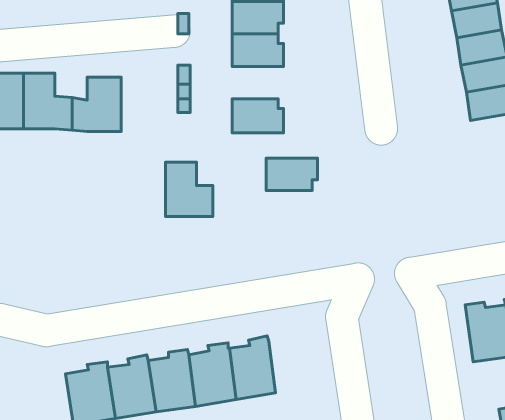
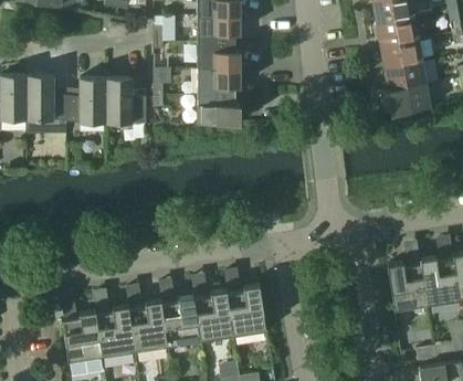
building: [266,158,318,191] -> [198,70,240,96]
building: [165,162,213,216] -> [107,78,146,123]
building: none -> [228,285,266,336]

